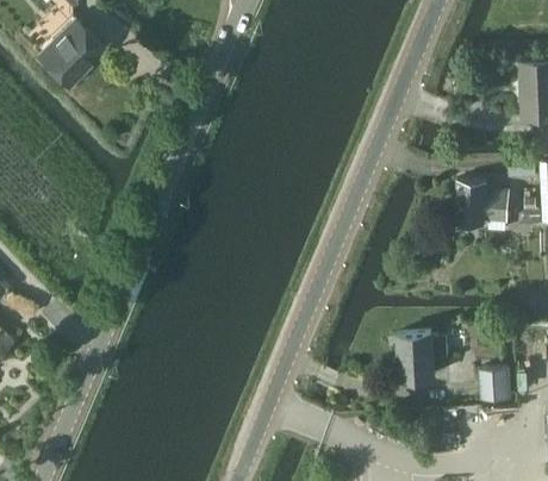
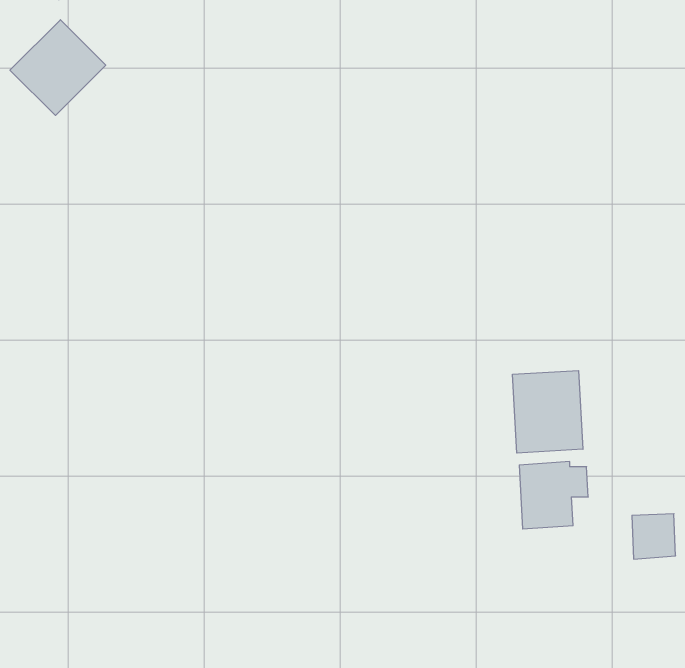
building: [455,182,511,231] -> none
building: none -> [513,371,583,453]

